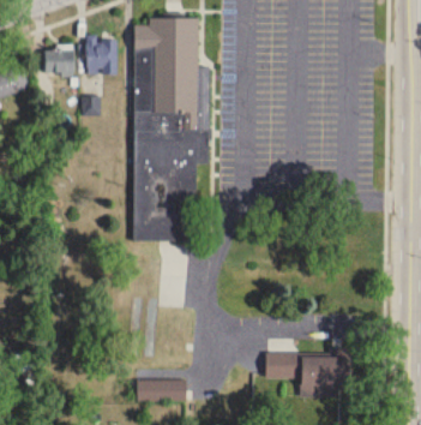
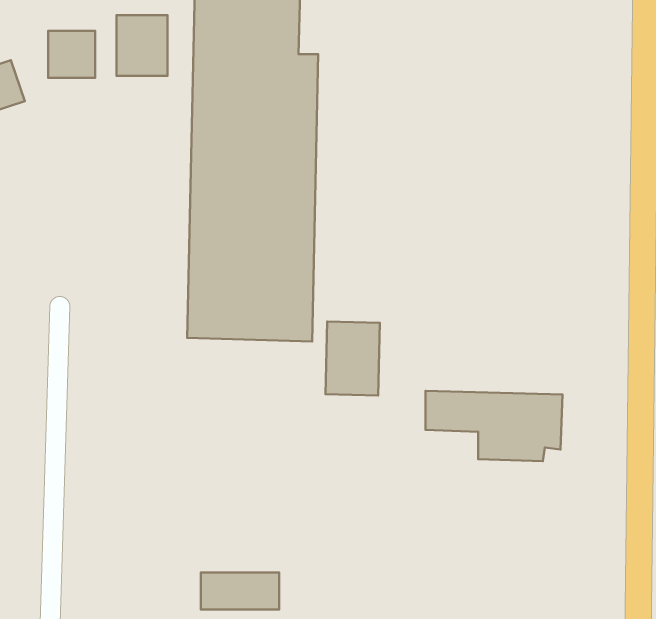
building: none -> [326,322,380,395]
building: [266,354,350,397] -> [425,391,562,461]

